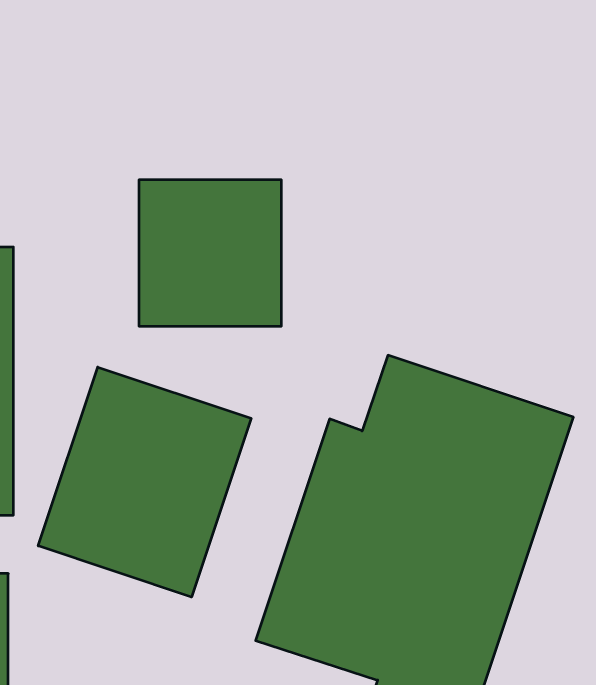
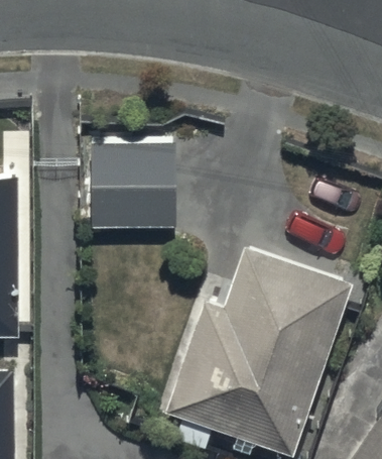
building: [38,367,251,597] -> none

